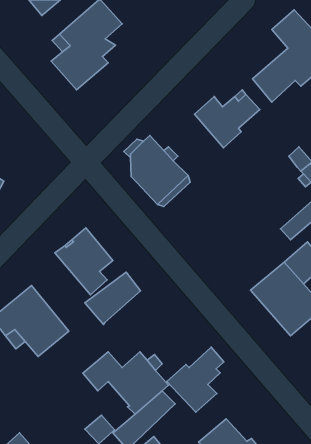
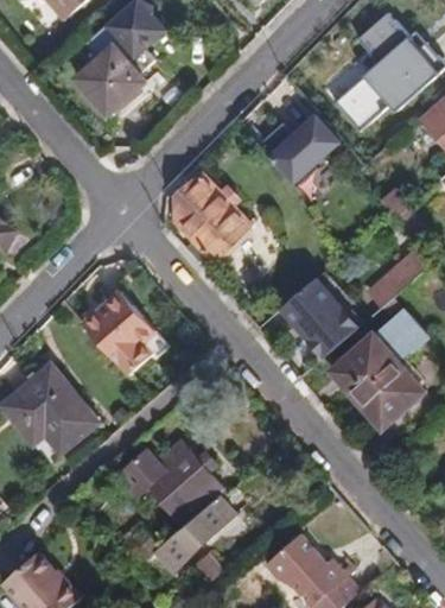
building: none -> [280,278,358,357]
building: [85,272,141,325] -> none
building: [167,347,224,412] -> none

